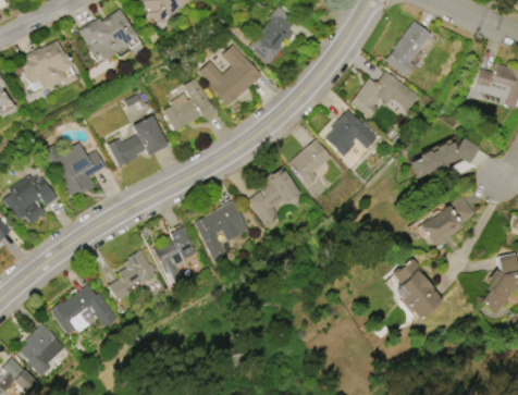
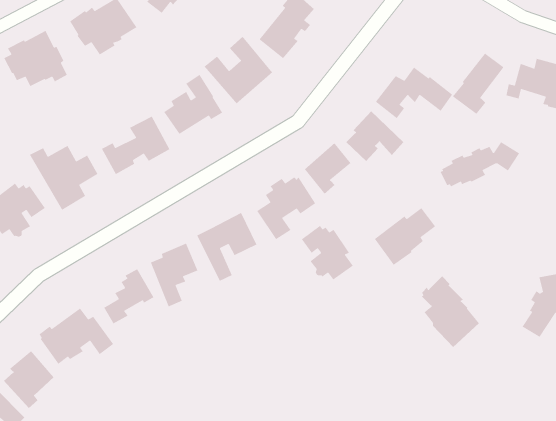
building: [385,22,432,77] -> [452,53,504,115]
building: [418,197,473,249] -> [374,207,436,266]
building: none -> [301,225,354,281]

